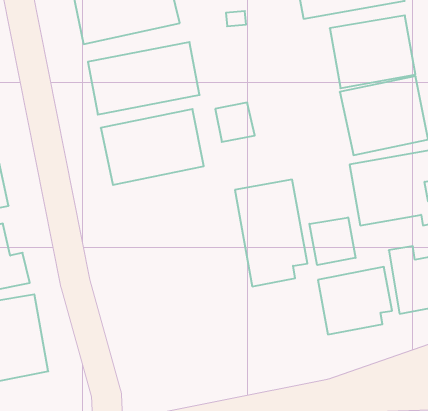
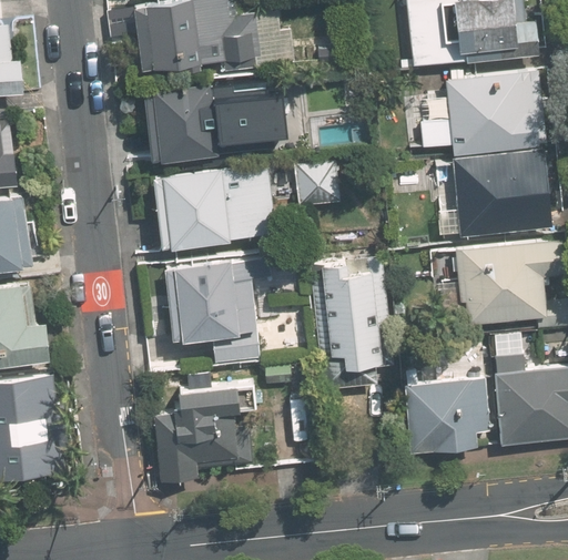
building: none -> [164,262,258,363]
building: [309,217,356,265] -> none
building: none -> [153,386,240,480]

